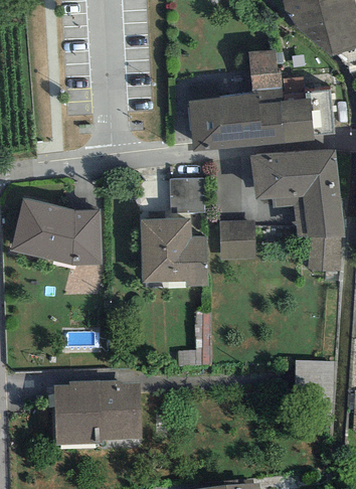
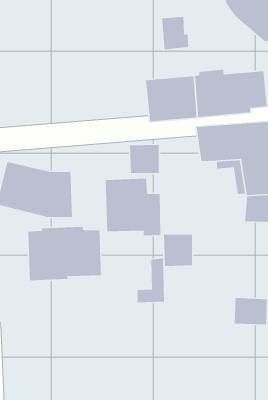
building: [248,50,282,91] -> [161,16,189,50]
building: [219,220,254,260] -> [163,234,193,267]
building: [53,379,142,445] -> [28,226,102,281]

